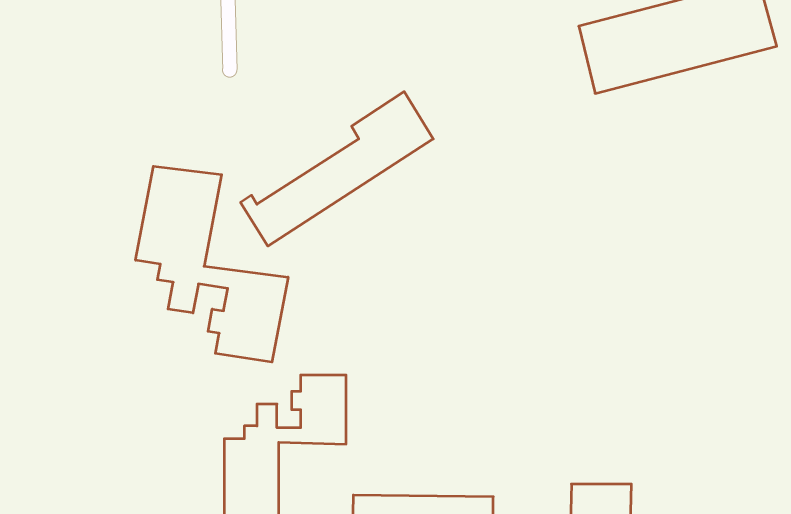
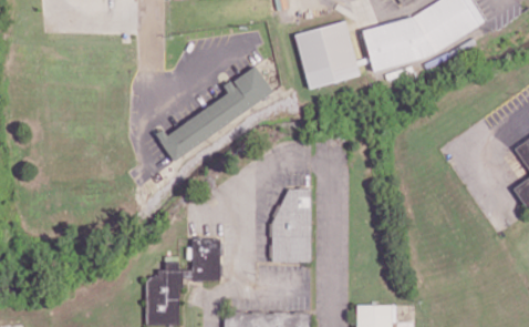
building: none -> [294,22,360,90]
building: [136,166,288,362] -> none
building: none -> [271,190,311,263]

